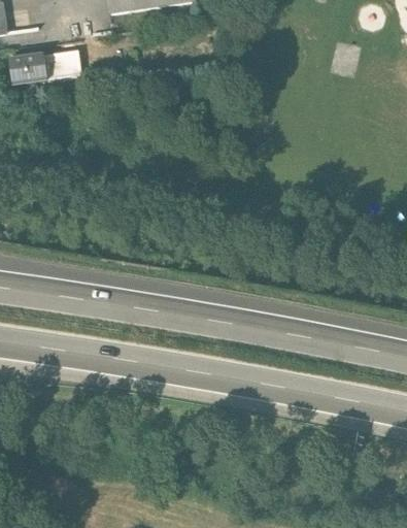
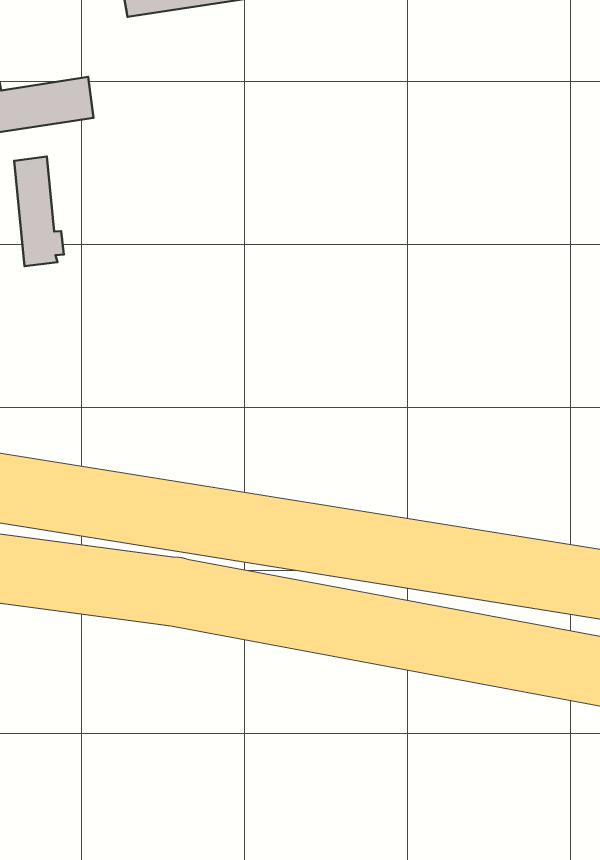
building: none -> [14,157,64,266]

